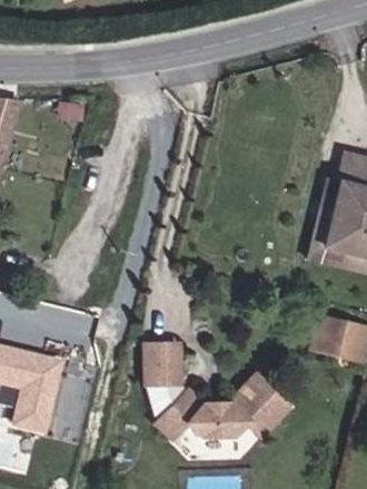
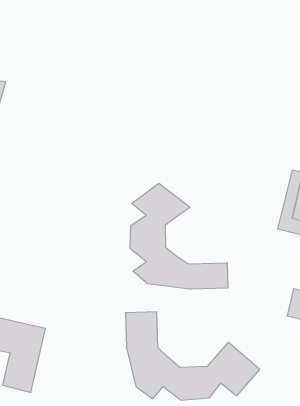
building: none -> [130,183,228,289]

